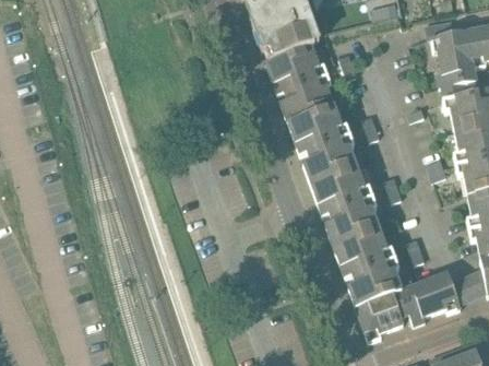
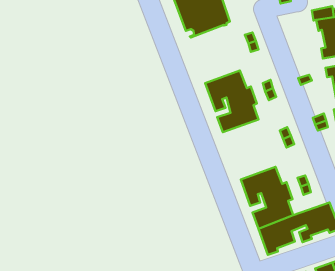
building: [266,44,333,119] -> none
building: [311,166,379,244] -> none

